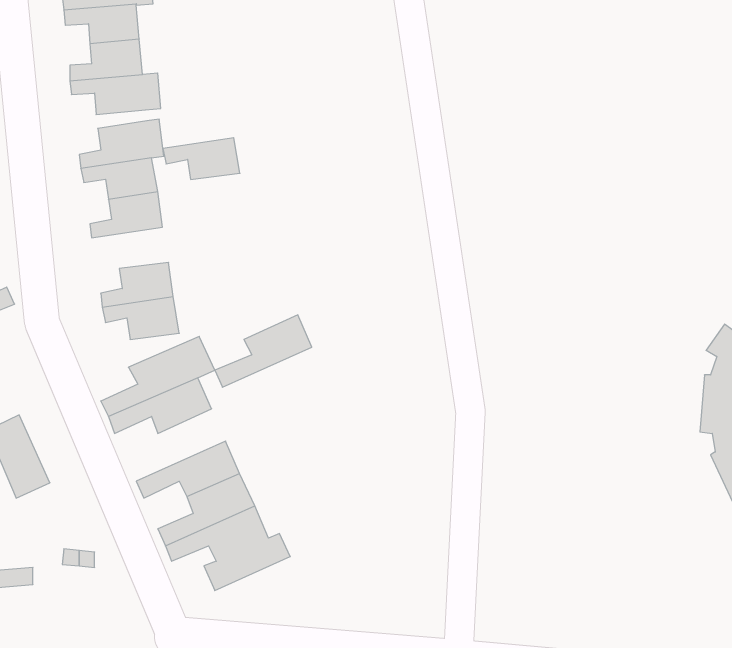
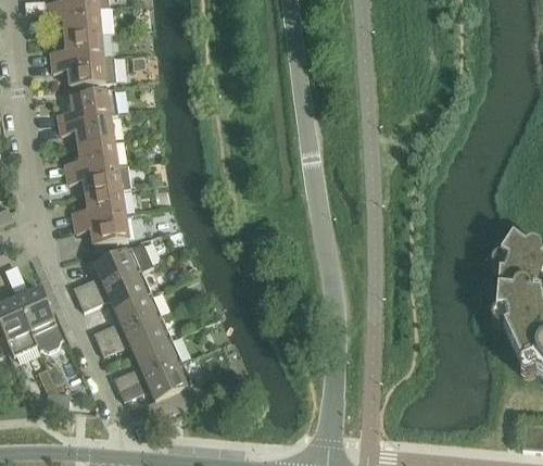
building: [163,138,240,179] -> [66,164,121,193]
building: [215,315,312,387] -> [92,292,161,343]
building: none -> [15,287,63,350]

